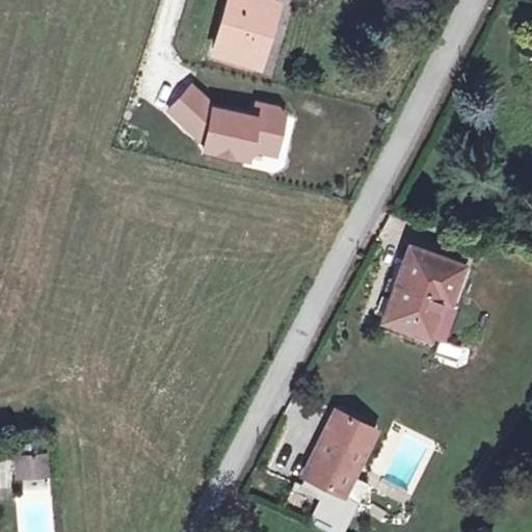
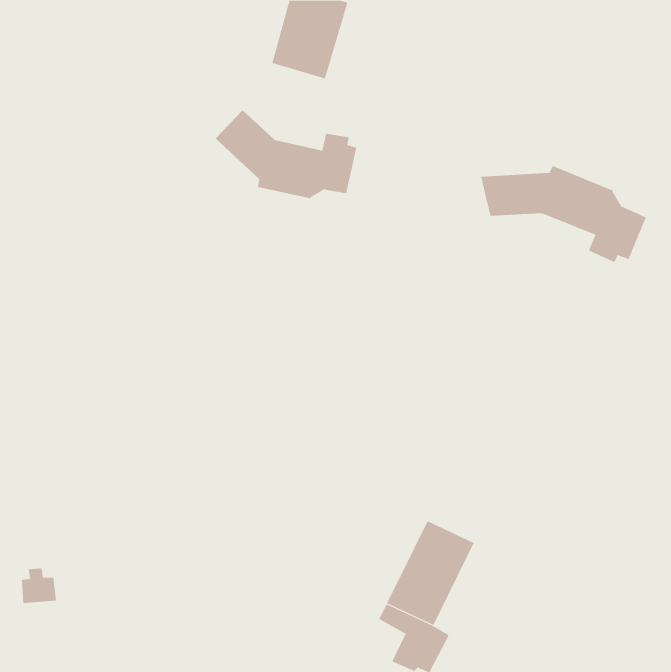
building: none -> [480,165,647,263]
building: [380,247,462,342] -> none

